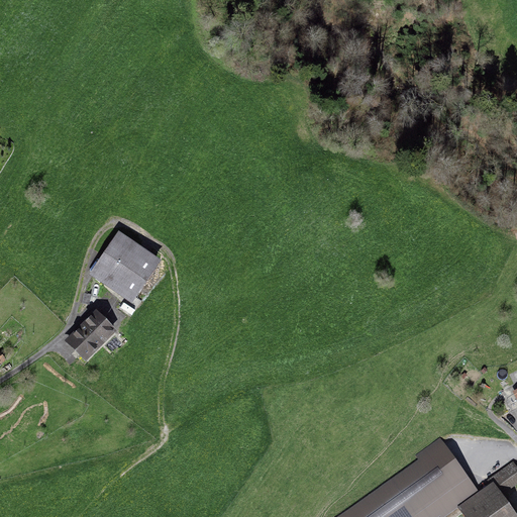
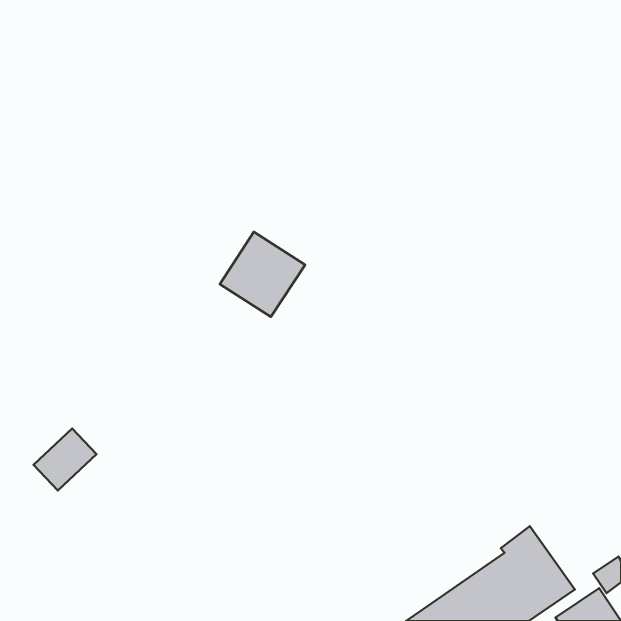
building: [91,232,162,303] -> [220,232,305,317]
building: [66,311,118,363] -> [33,429,97,490]

